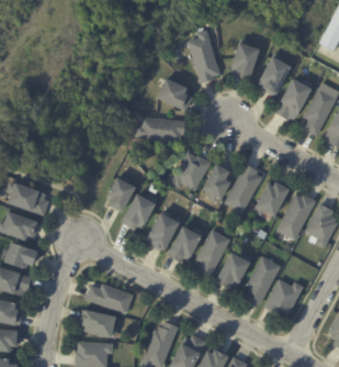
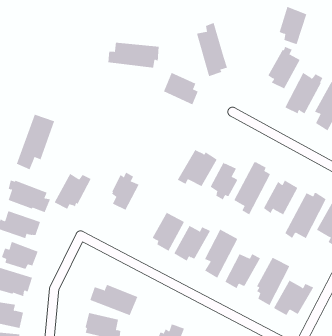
building: [231,41,259,78] -> [279,6,307,45]
building: [135,115,185,141] -> [107,42,160,68]
building: none -> [16,114,55,170]
building: [122,193,158,229] -> [54,173,91,209]

